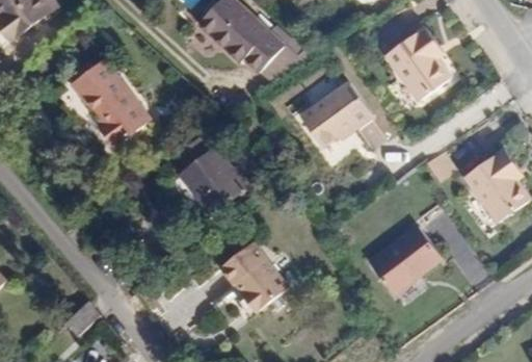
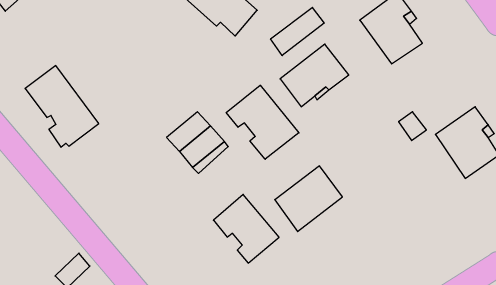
building: none -> [271,7,324,56]
building: [71,62,148,148] -> [25,66,99,147]
building: none -> [226,85,299,159]
building: [380,223,451,291] -> [275,166,342,232]

